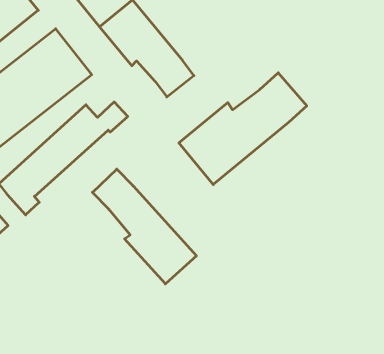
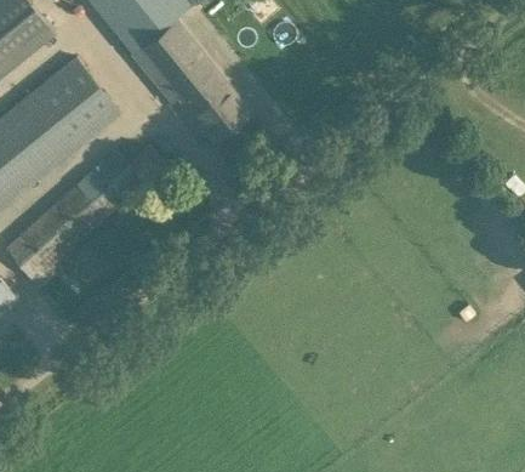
building: [179,73,307,185] -> none
building: [92,169,196,284] -> none

